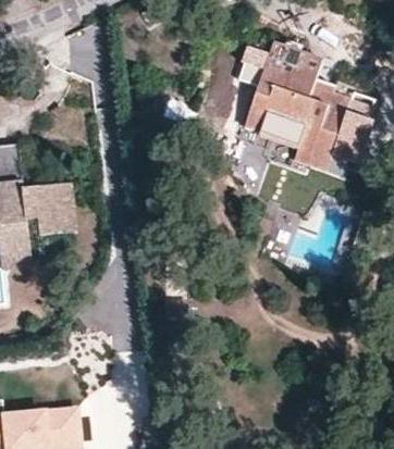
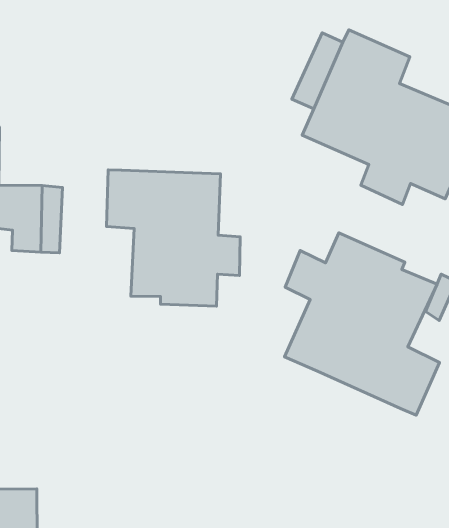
building: none -> [106,170,240,306]
building: none -> [284,233,440,415]

